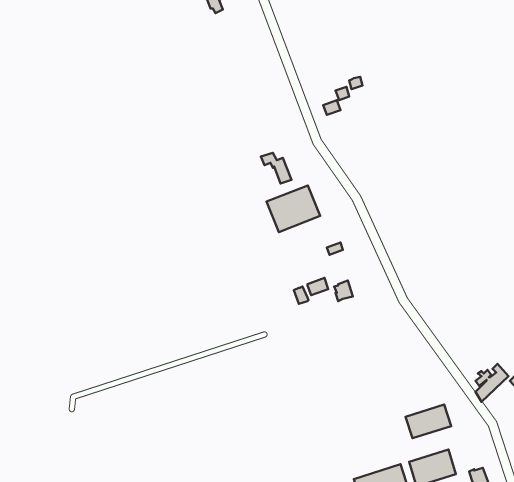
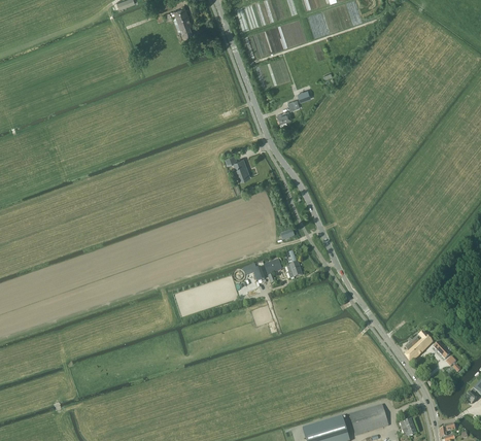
building: [267,185,320,232] -> none
building: [405,405,451,438] -> none

